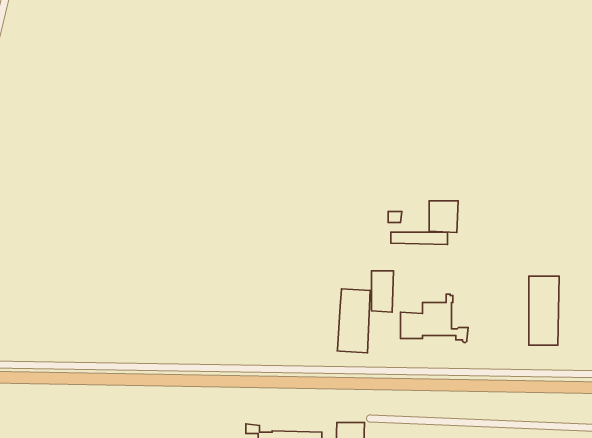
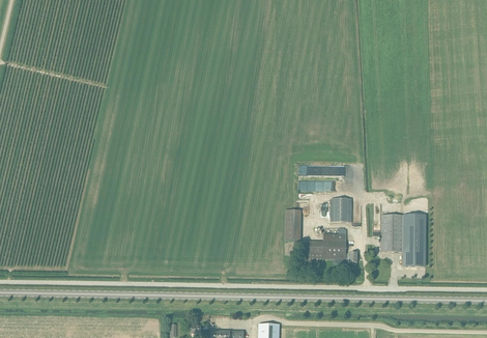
building: [429,201,458,233] -> [330,198,351,222]
building: none -> [380,215,402,251]
building: [337,289,370,353] -> none

